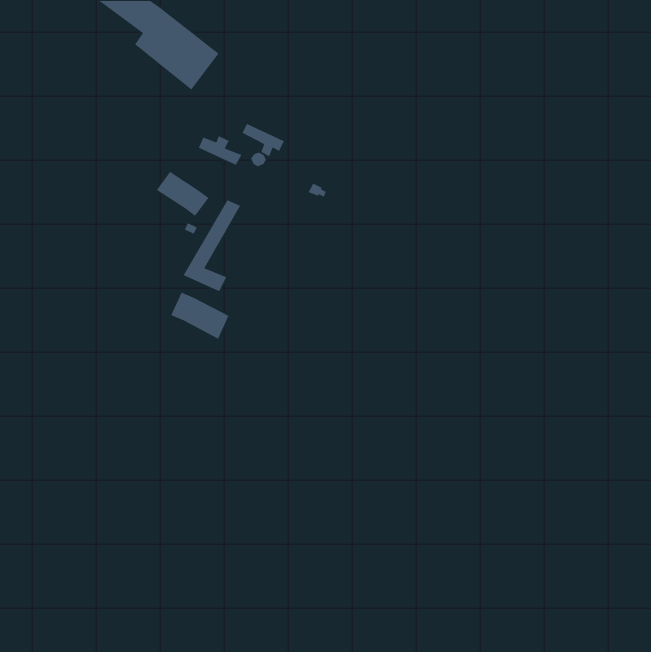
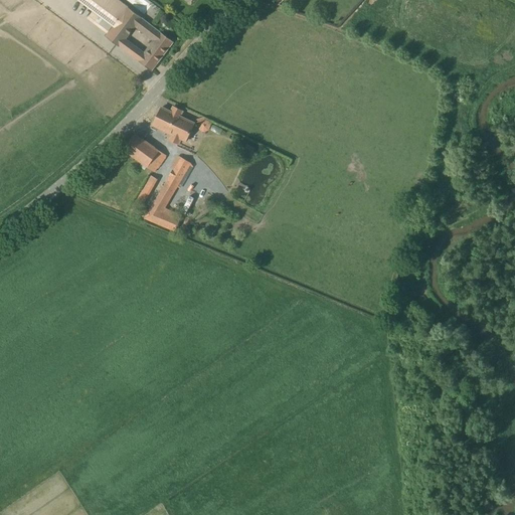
building: [241,123,285,157] -> [152,117,186,144]
building: [170,291,229,340] -> none

